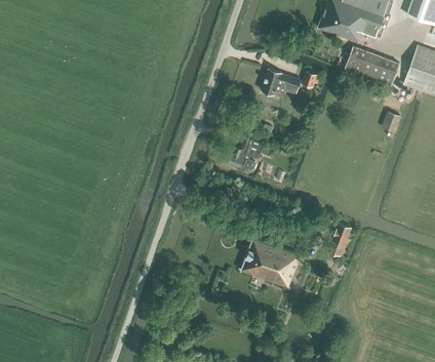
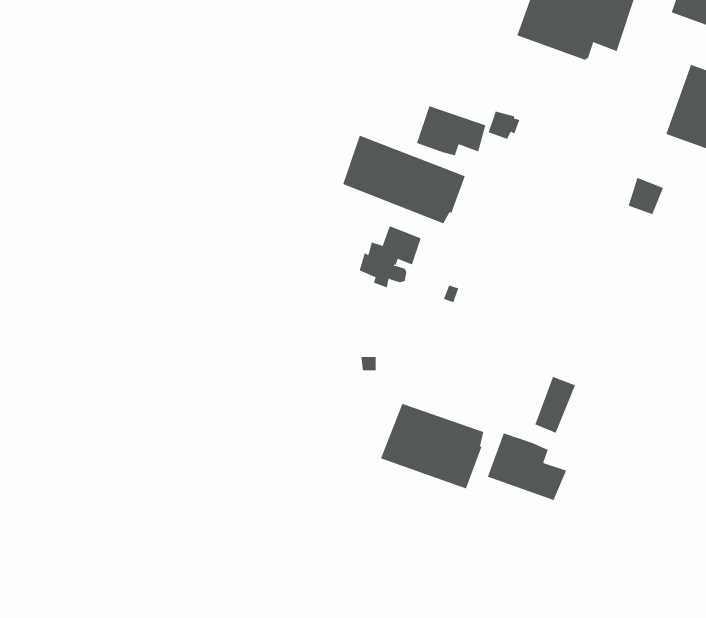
building: [345,46,399,86] -> none
building: none -> [342,135,465,224]
building: none -> [487,433,567,501]

